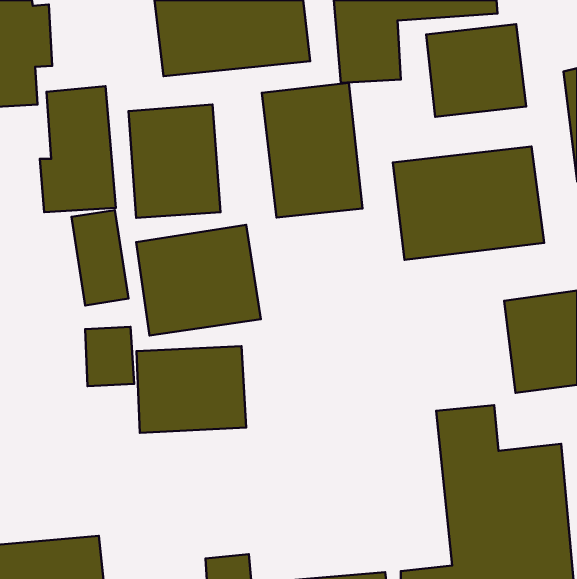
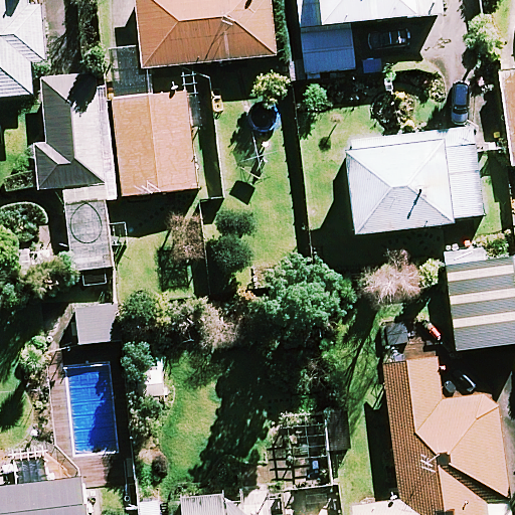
building: [426,24,526,117] -> none
building: [262,83,363,217] -> none
building: [136,225,261,335] -> none
building: [136,346,246,433] -> none

